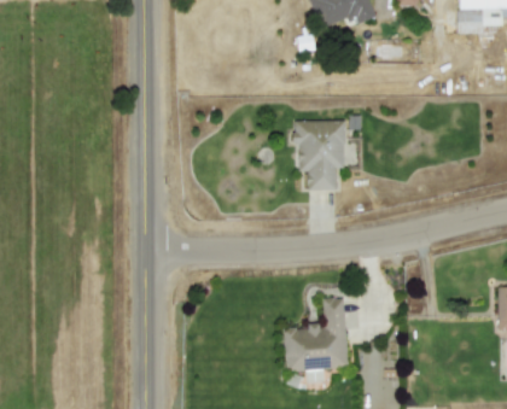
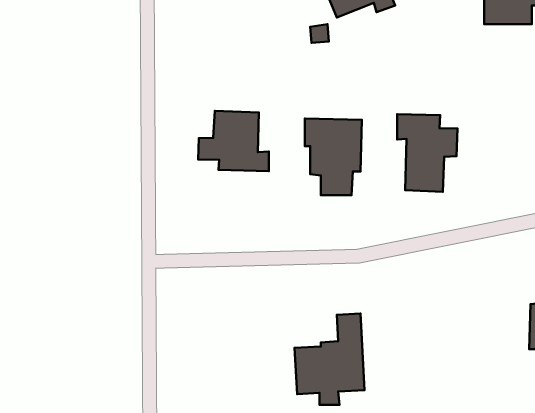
building: none -> [198,111,269,171]
building: none -> [397,114,457,192]

